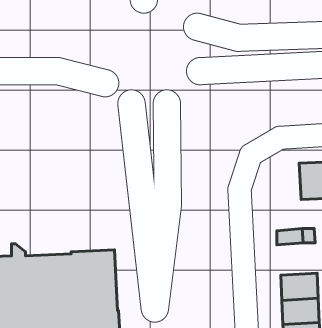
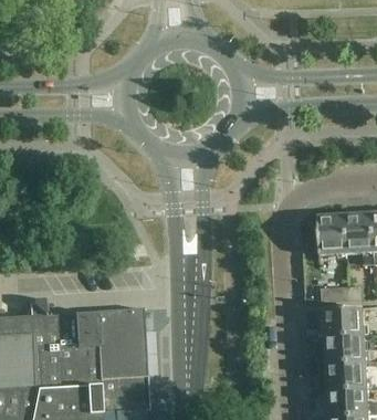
building: none -> [314,213,344,254]
building: none -> [320,306,362,336]

